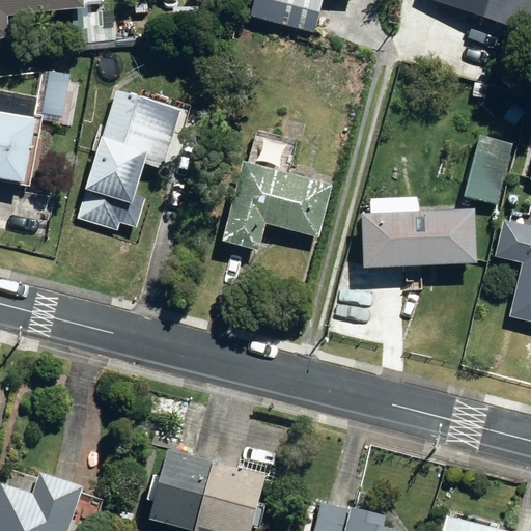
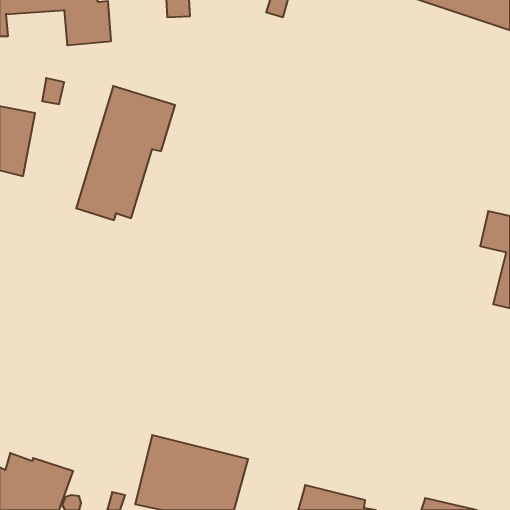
building: [463,135,513,205] -> none
building: [223,161,334,250] -> none
building: [363,208,481,267] -> none

